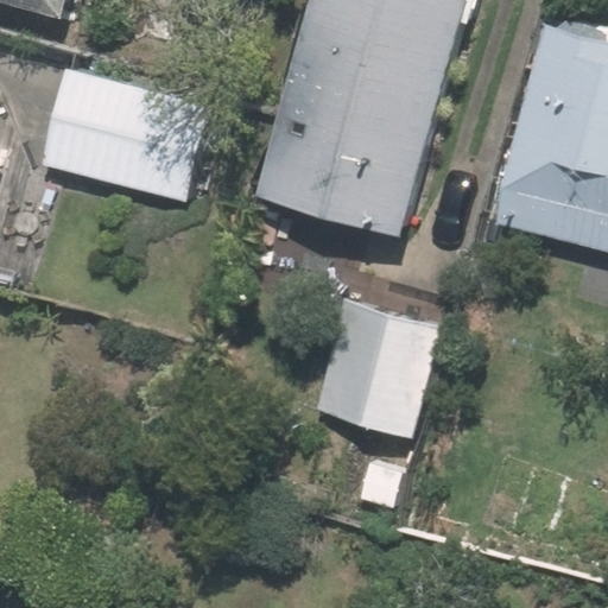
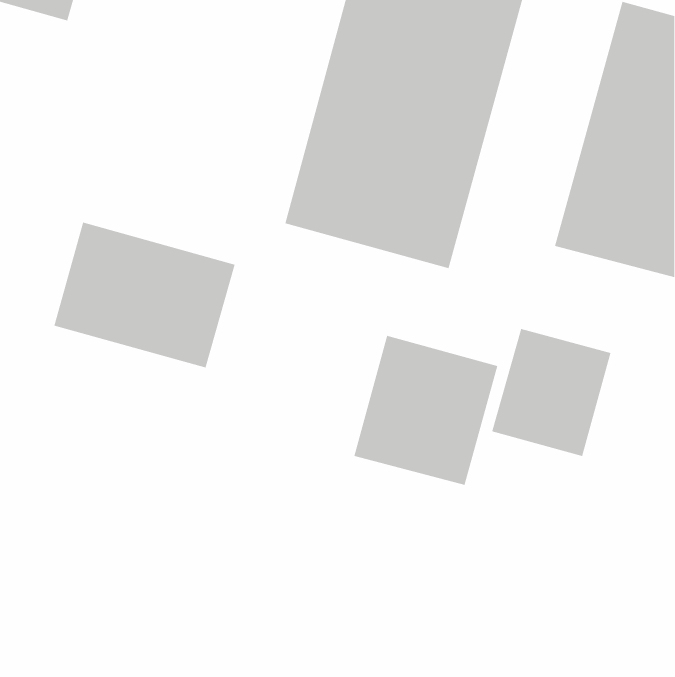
building: [44,70,207,201] -> [53,222,235,368]
building: none -> [491,328,611,457]

